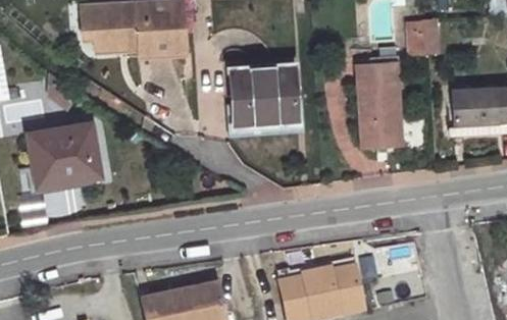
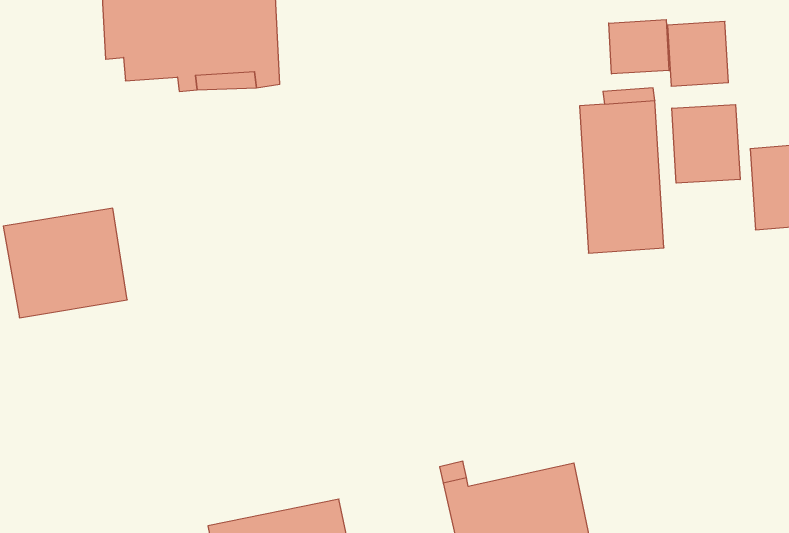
building: none -> [609,20,669,74]
building: [230,63,296,124] -> none
building: none -> [672,105,740,183]

